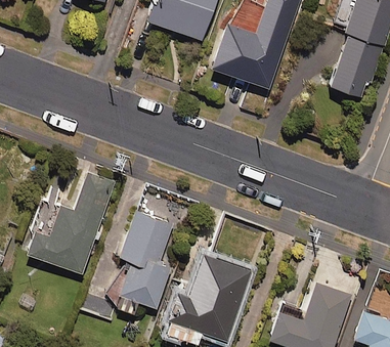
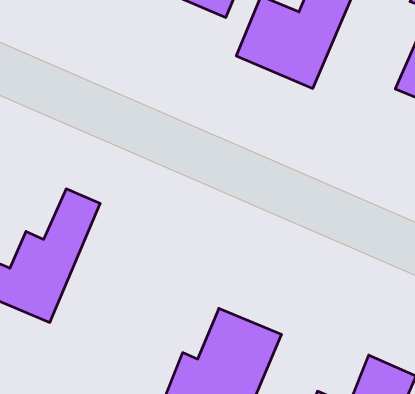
building: [115,208,175,312] -> none

